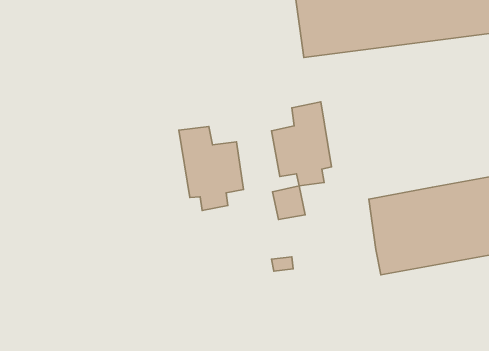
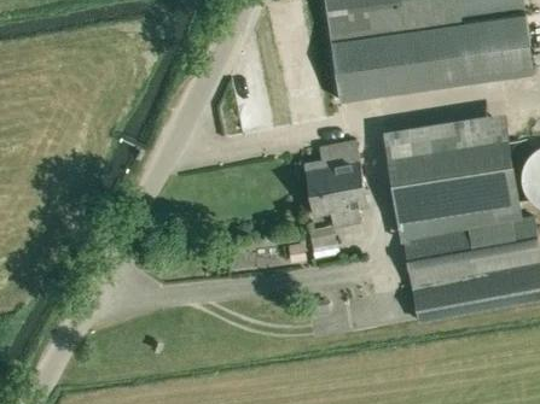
building: none -> [384,123,518,224]
building: [179,126,243,210] -> none

